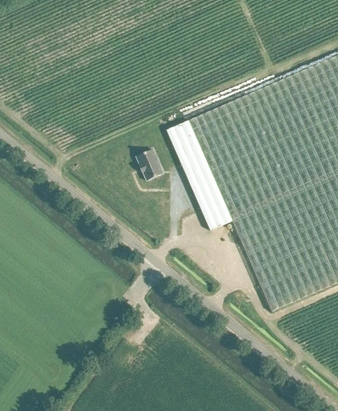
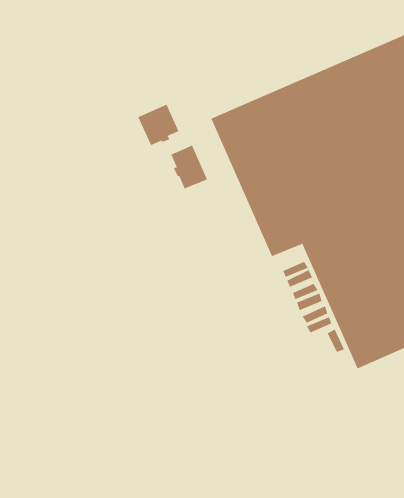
building: none -> [137,104,179,146]

